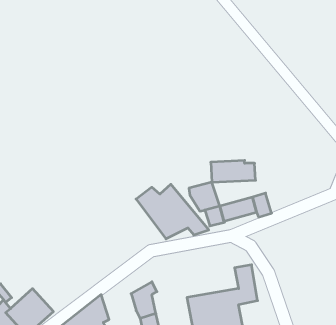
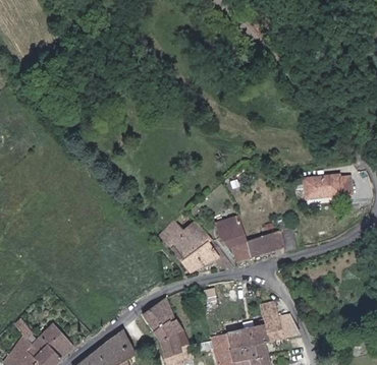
building: [211,160,256,182] -> [305,175,351,197]
building: none -> [143,300,175,330]

